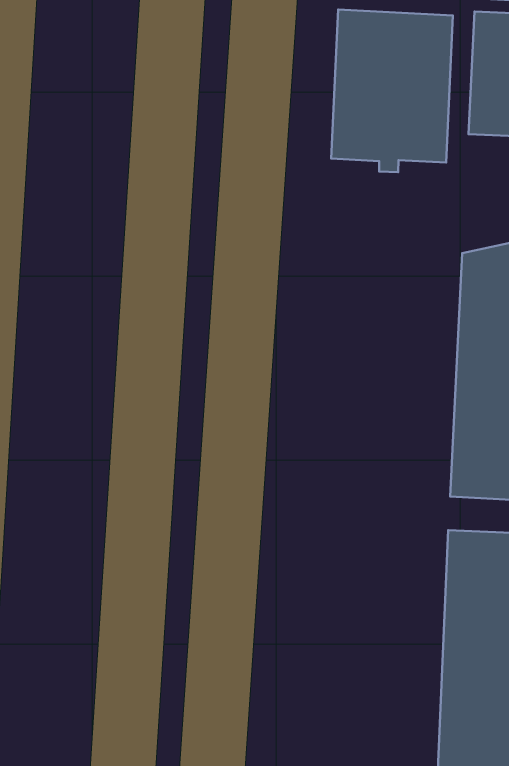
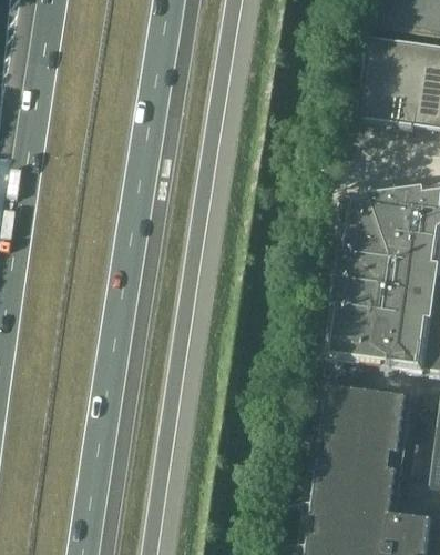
building: [331,10,453,172] -> none

